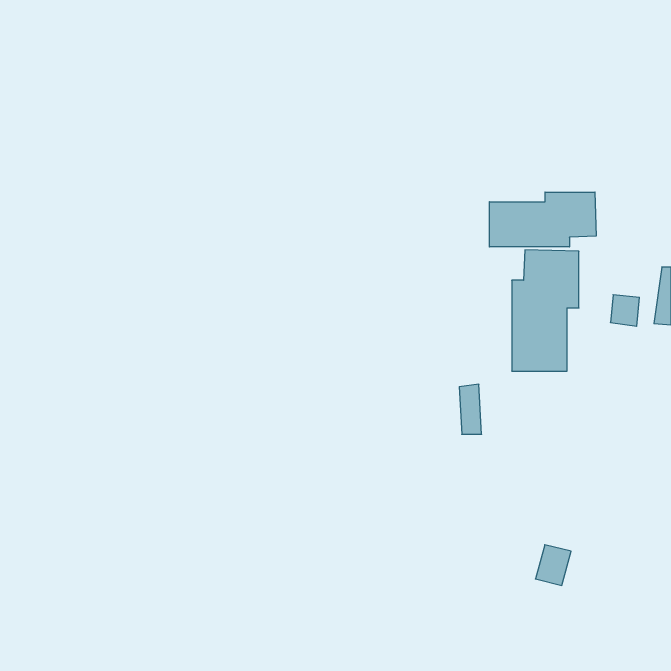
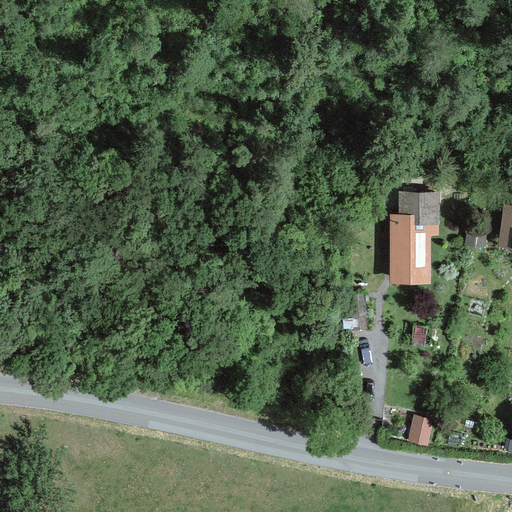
building: [489,192,596,247] -> none

